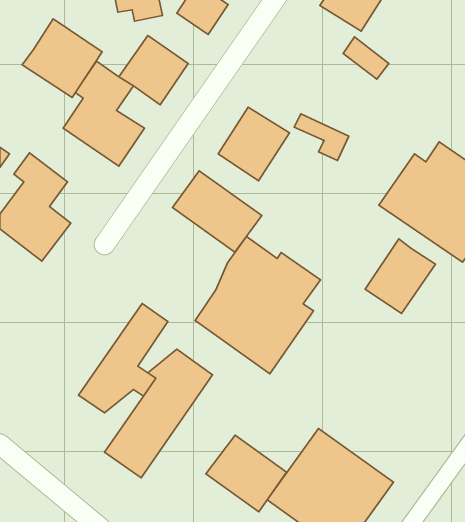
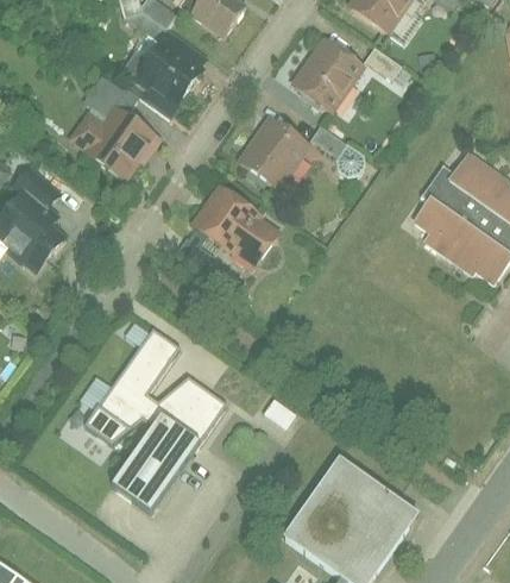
building: [22,19,102,97] -> none
building: none -> [289,35,365,112]
building: [195,236,320,374] -> none
building: [365,239,436,313] -> none
building: [206,435,287,512] -> none

